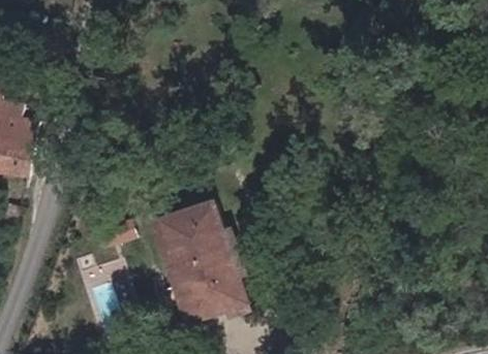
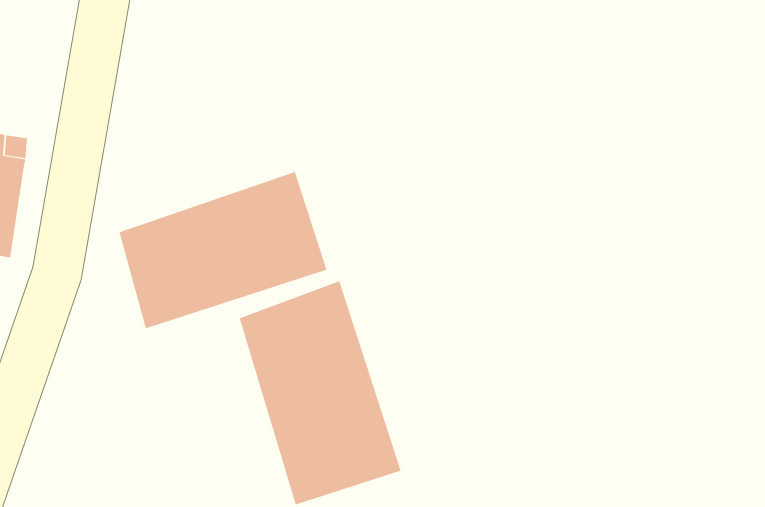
building: none -> [119,171,327,329]

